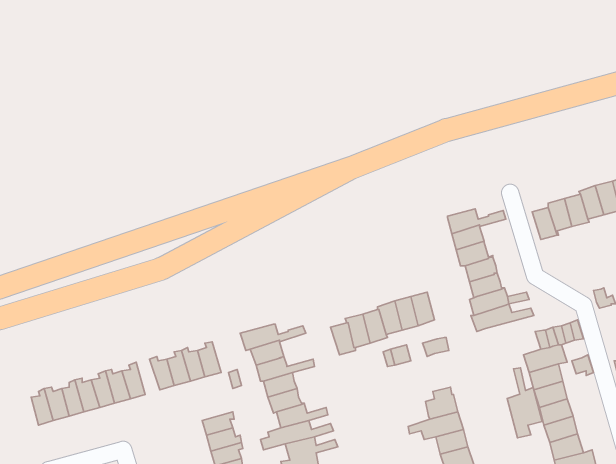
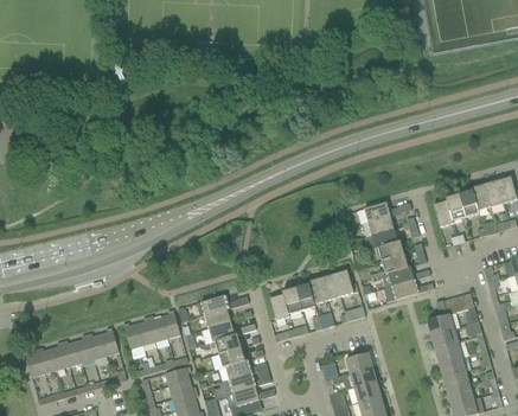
building: [507,368,542,438] -> none

